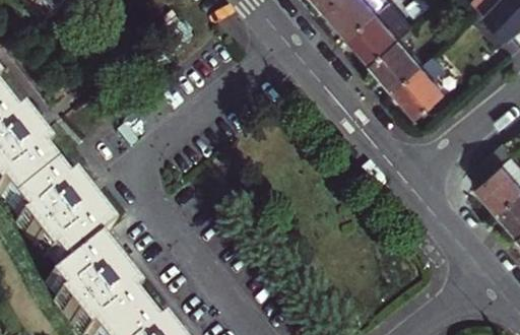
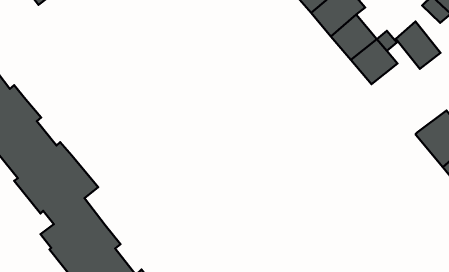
building: none -> [396,21,440,69]

